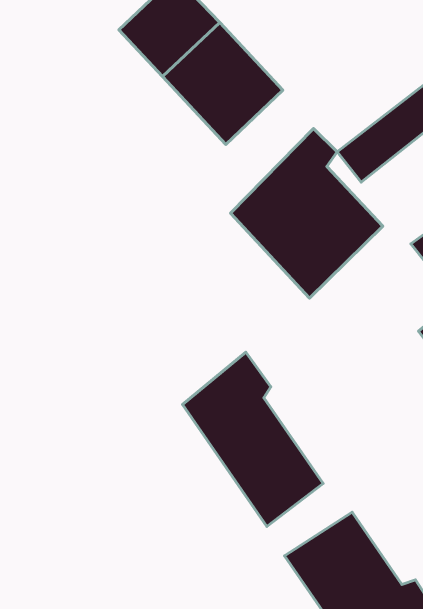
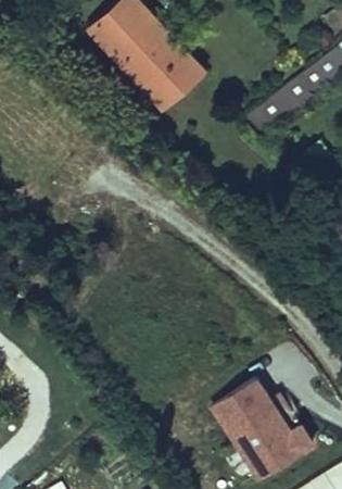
building: [230,128,383,298] -> none
building: [182,352,323,526] -> none

